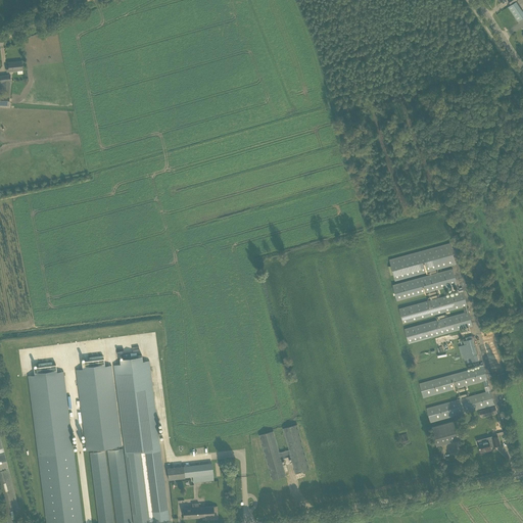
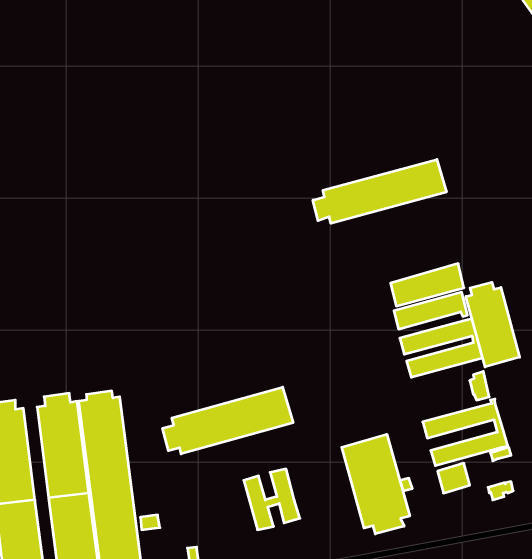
building: none -> [313,159,446,223]
building: none -> [466,282,520,367]
building: none -> [163,387,293,454]
building: none -> [342,434,410,534]
building: [182,463,212,483] -> none

